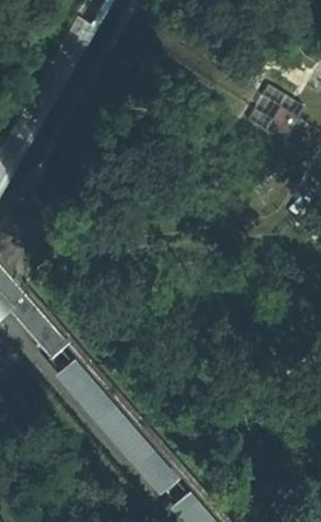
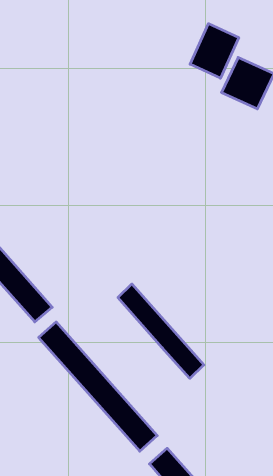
building: none -> [190,24,239,78]
building: none -> [118,284,204,378]

